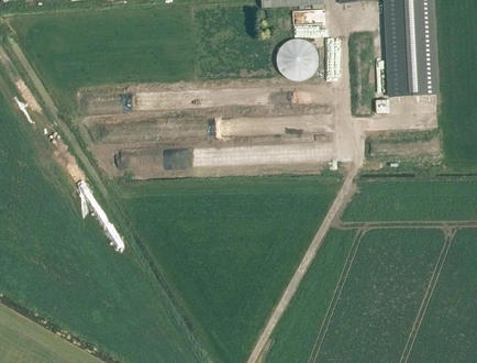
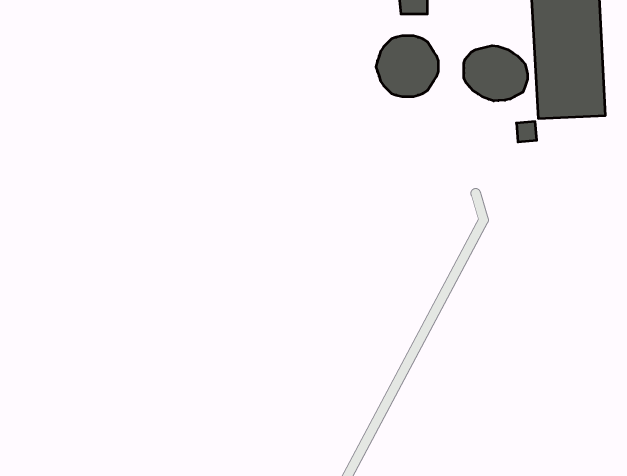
building: none -> [464,46,528,101]

